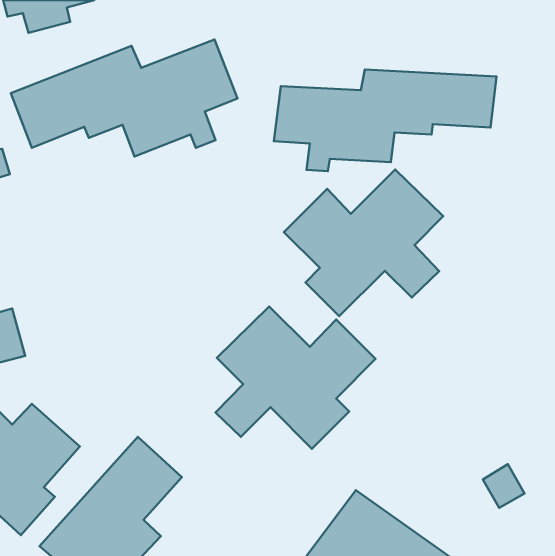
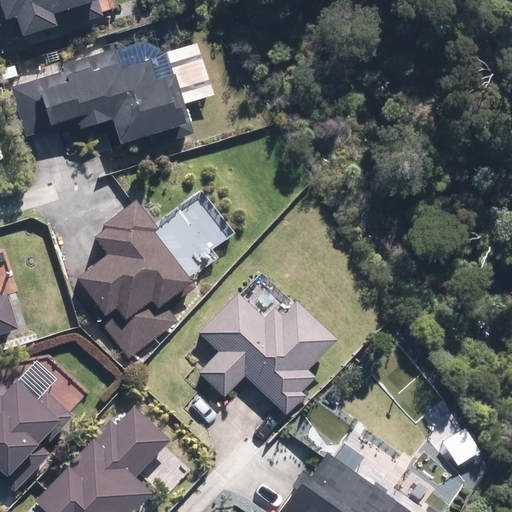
building: [274,69,497,171] -> none
building: [284,170,443,316] -> none
building: none -> [73,196,230,361]

